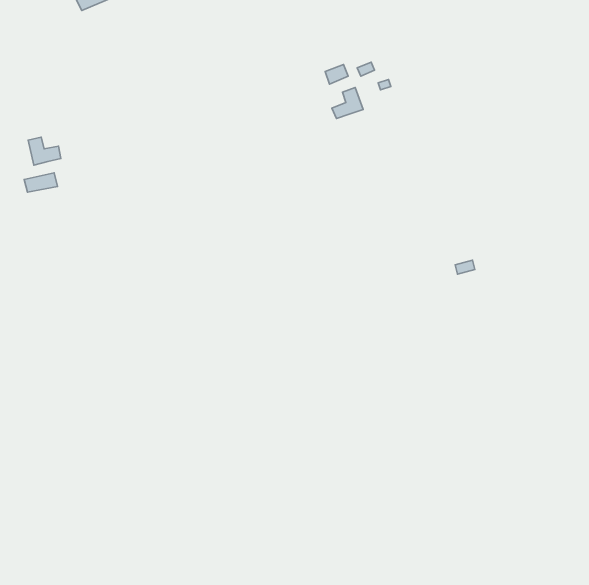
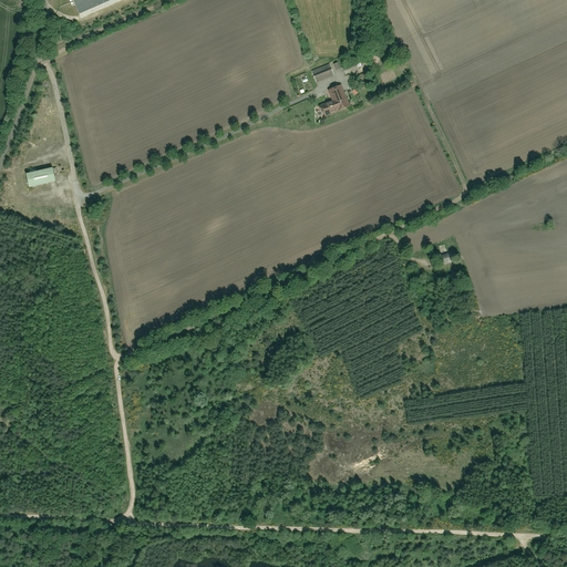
building: [28,137,61,165] -> none

